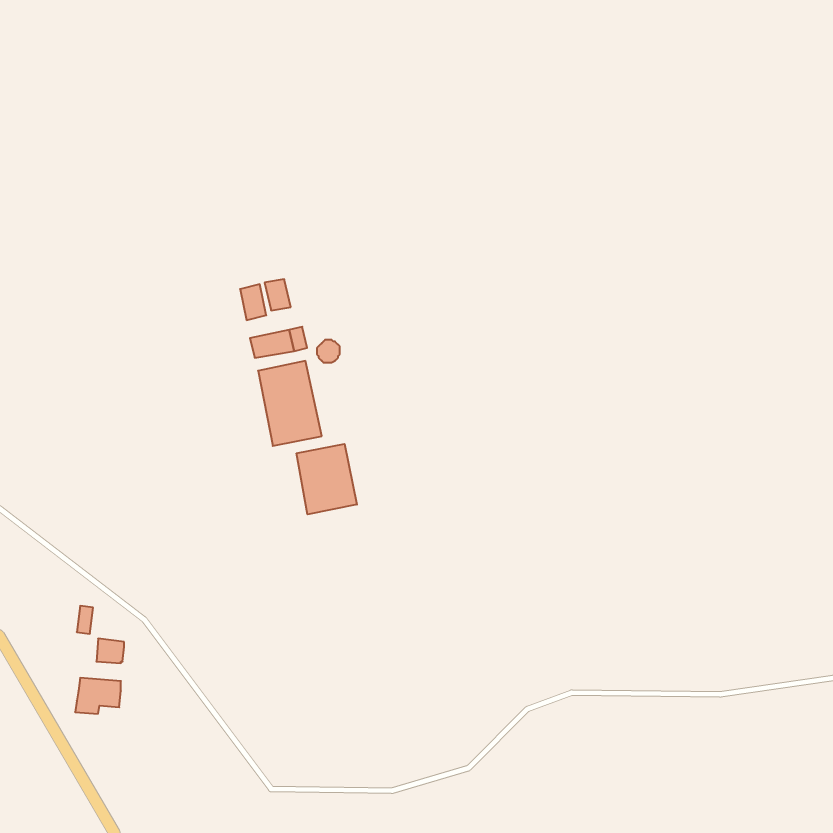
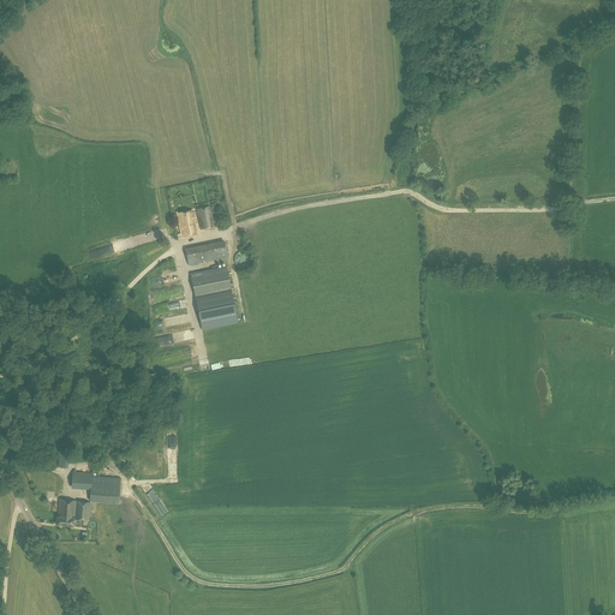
building: [297,444,357,514] -> none
building: none -> [89,476,119,502]

